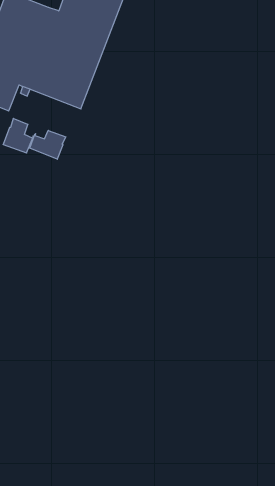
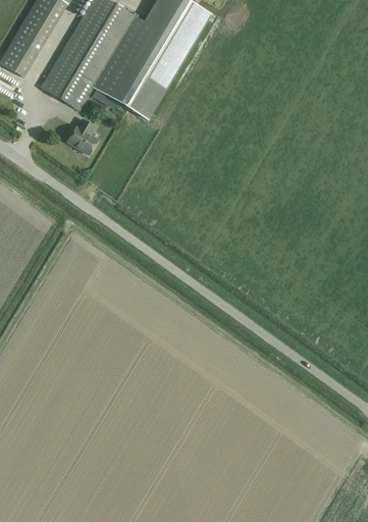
building: [30,130,66,159] -> none

